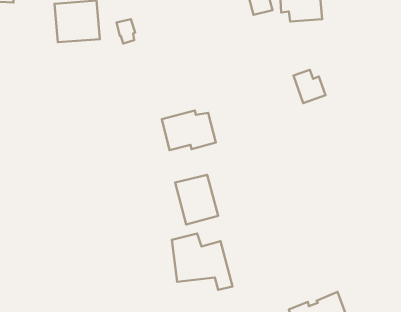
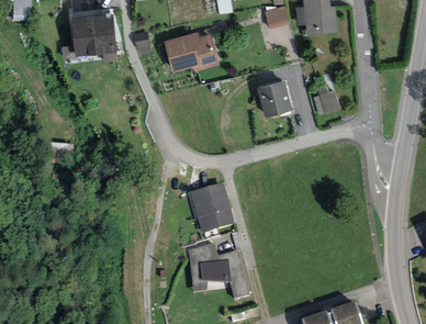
building: none -> [257,80,293,116]
building: [162,110,216,150] -> [165,32,218,71]

